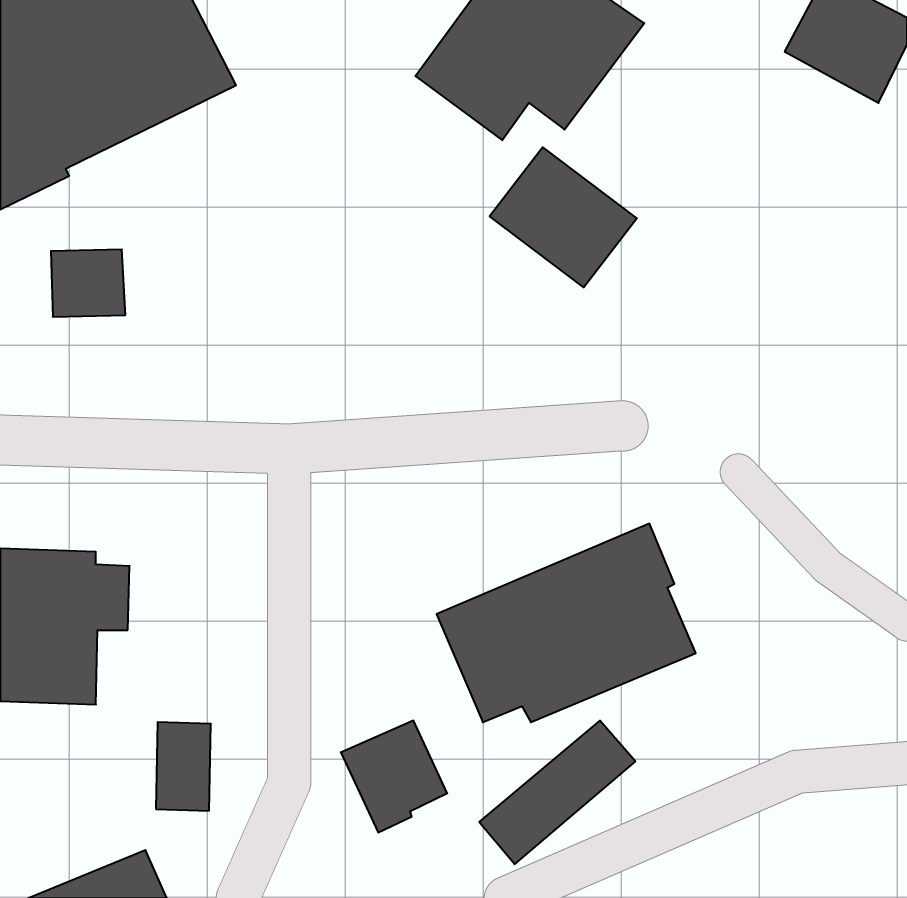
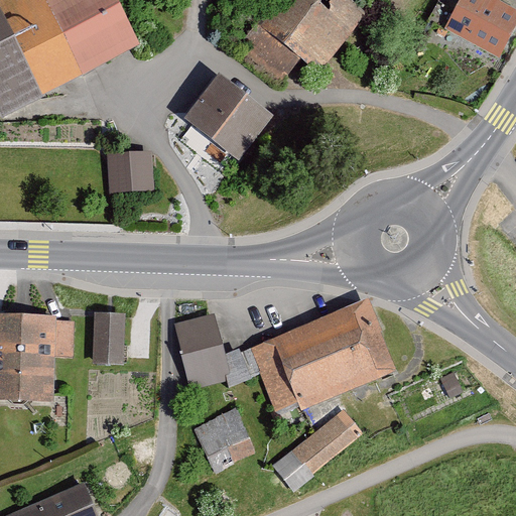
building: [490,147,637,287] -> [184,80,268,159]
building: [51,249,125,317] -> [108,155,150,194]
building: none -> [172,311,251,387]
building: [156,722,211,811] -> [93,311,124,362]

